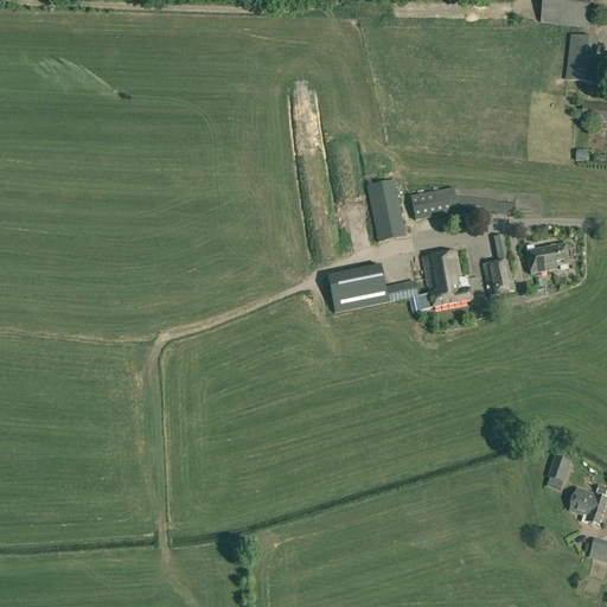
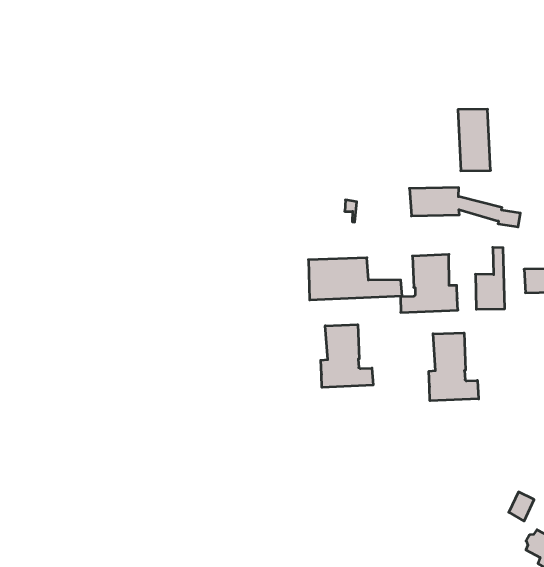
building: [366,179,405,239] -> [458,109,491,171]
building: none -> [429,333,479,401]
building: none -> [321,325,373,387]

